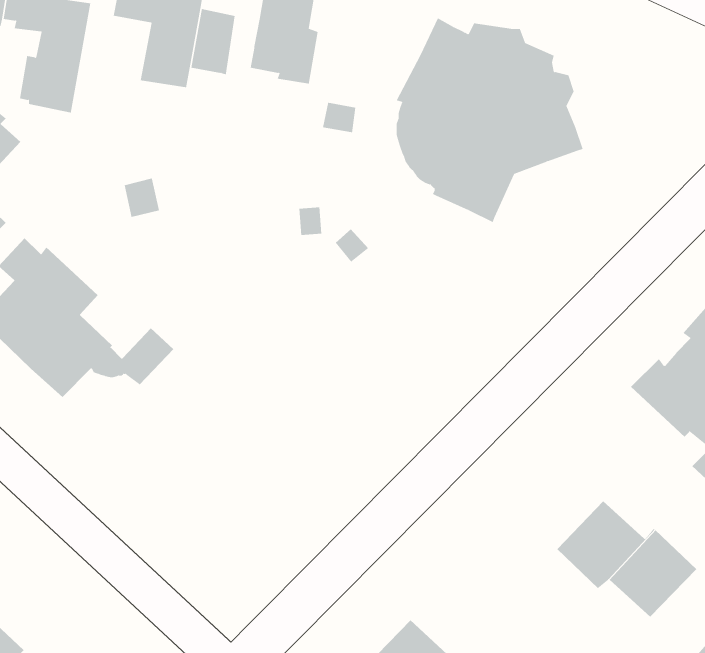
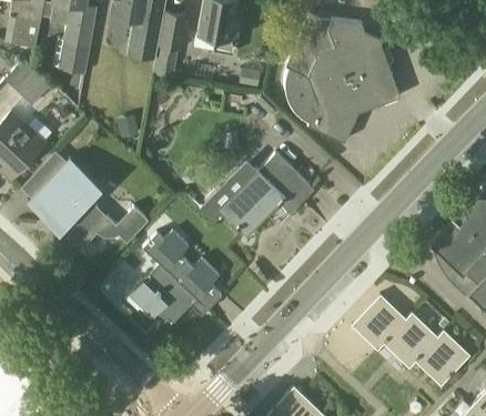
building: none -> [199,153,311,237]
building: none -> [124,231,219,327]
building: none -> [351,295,412,351]

